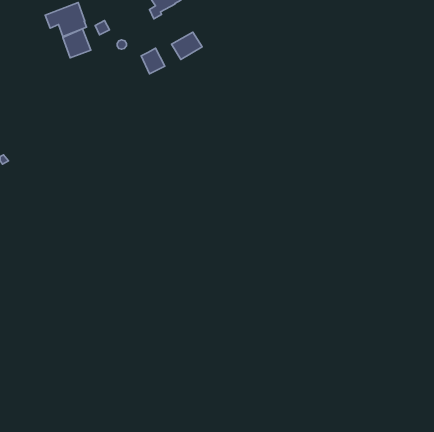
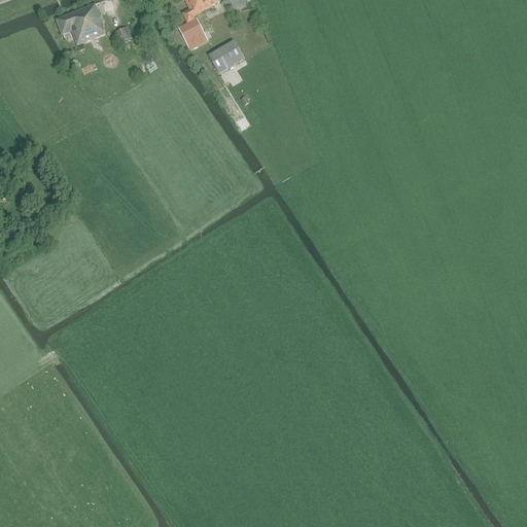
building: [63,29,91,58] -> none
building: [141,48,165,74] -> [178,17,207,48]

